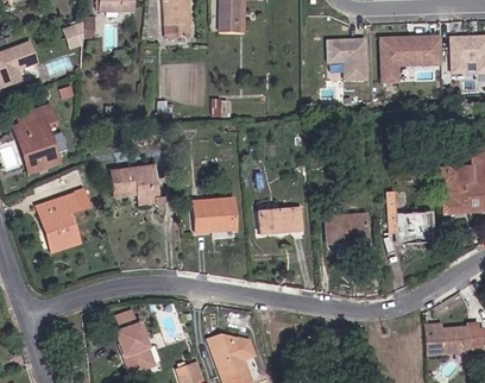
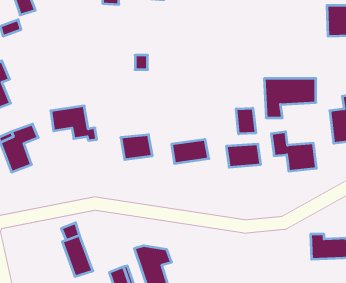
building: [374,36,439,84] -> [264,79,316,118]
building: [322,38,364,83] -> none
building: none -> [236,108,256,134]

